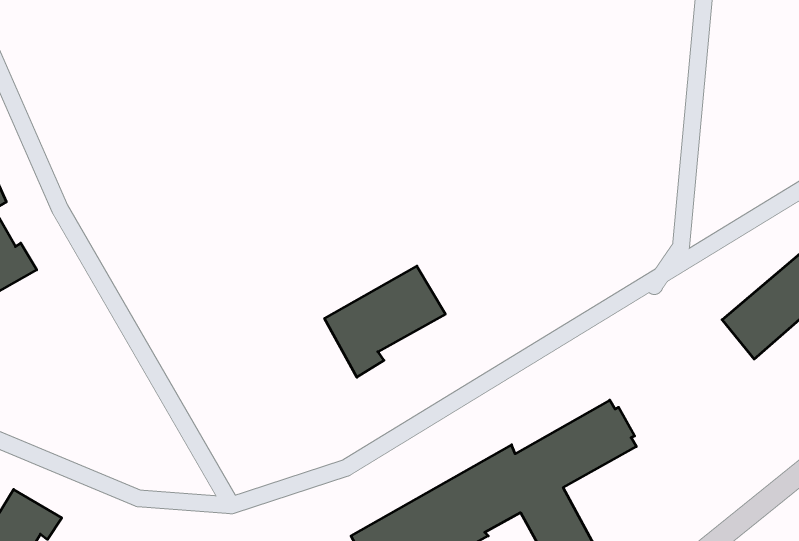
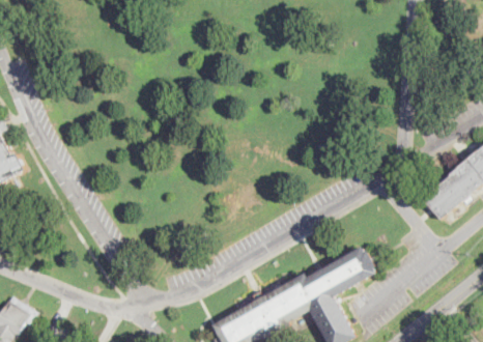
building: [325,266,445,377] -> none

